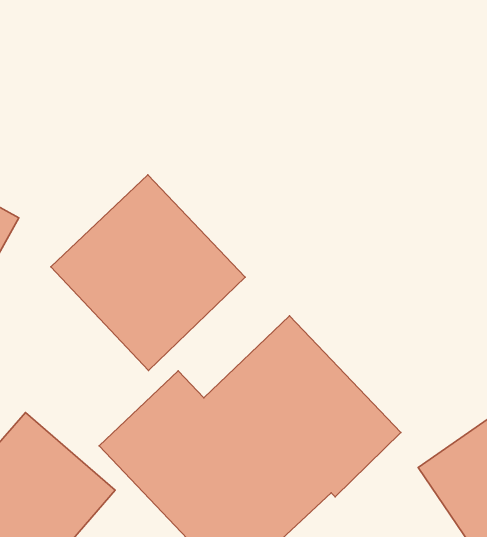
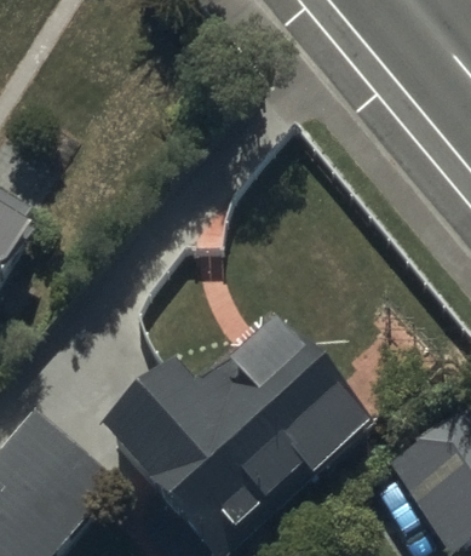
building: [51,175,245,370] -> none

